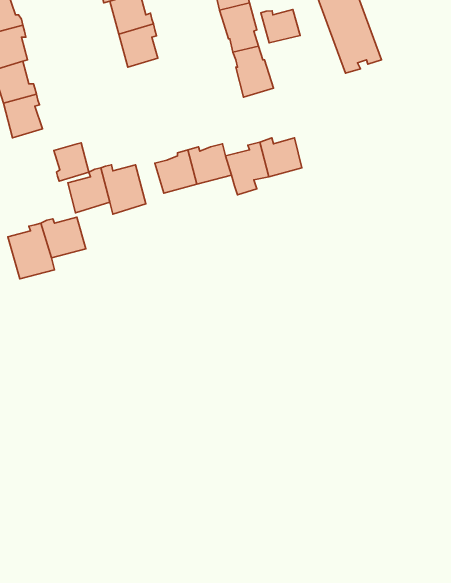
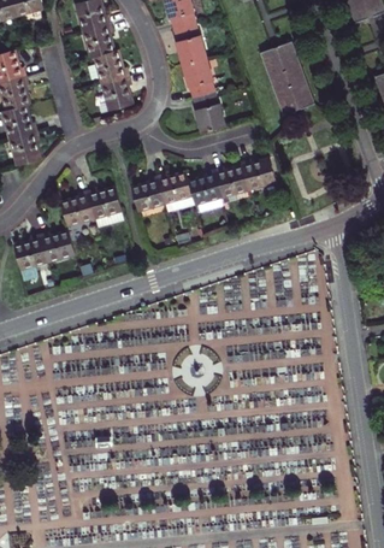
building: [261,10,300,43] -> none
building: none -> [242,158,278,190]
building: [54,143,89,181] -> none

